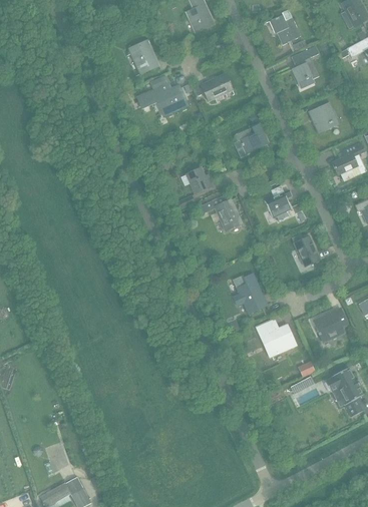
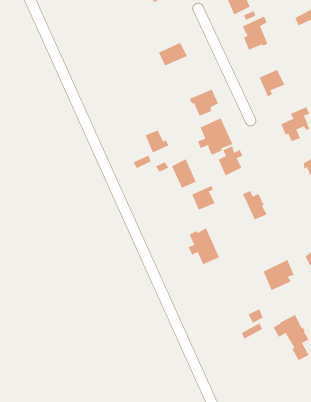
building: [128,40,159,74] -> none
building: [137,77,188,117] -> none
building: none -> [197,118,233,155]
building: none -> [191,185,215,211]
building: [262,319,296,353] -> none

